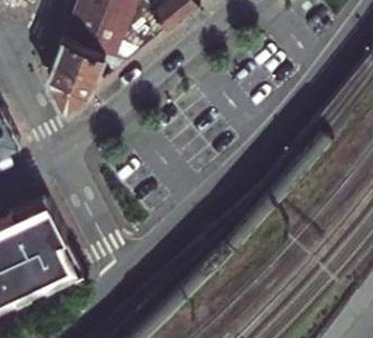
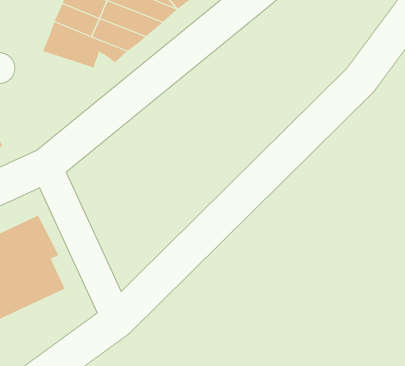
building: [46,67,101,116] -> none

